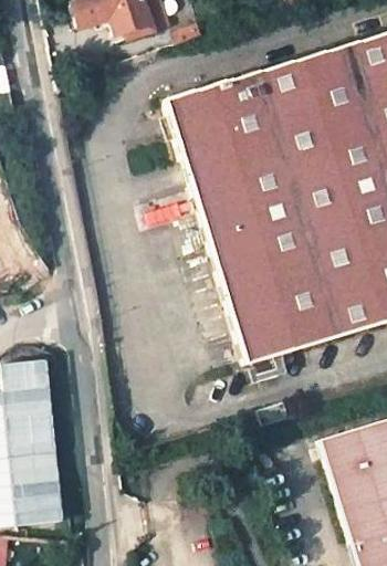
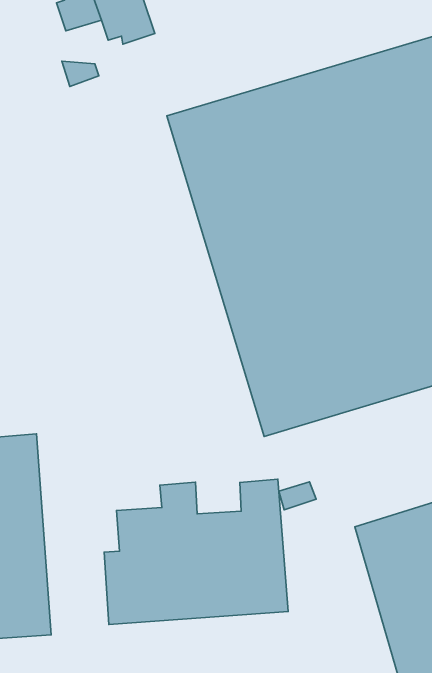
building: none -> [104,479,288,624]

